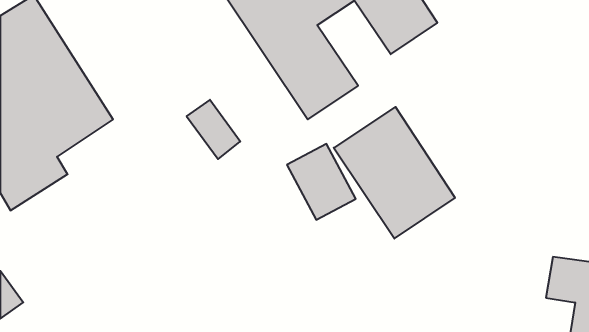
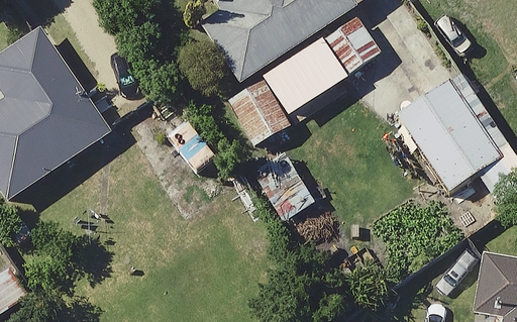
building: [334,107,455,239] -> [395,77,500,191]

